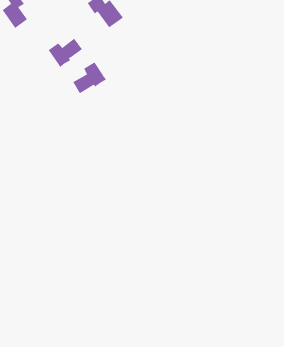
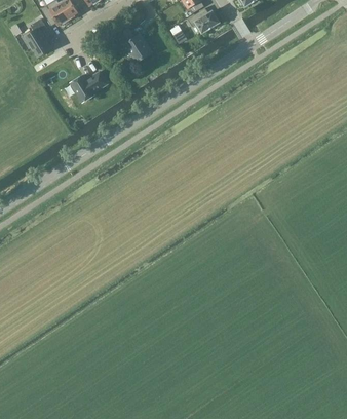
building: [73,62,107,94] -> none

